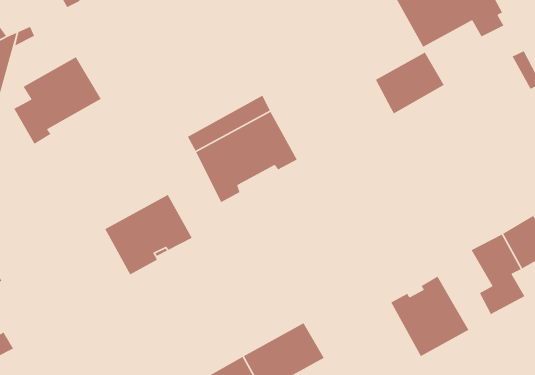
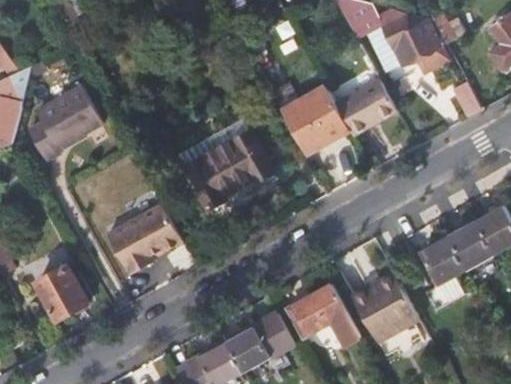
building: none -> [281,85,351,155]
building: none -> [36,265,87,319]
building: none -> [286,284,360,346]

